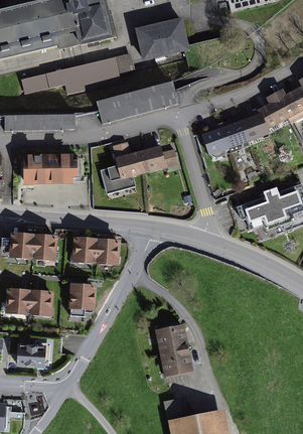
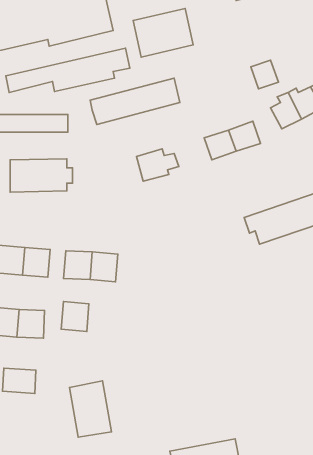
building: [245,113,270,139] -> [251,60,278,89]
building: [101,151,145,194] -> none
building: [155,323,193,375] -> [69,381,111,437]

